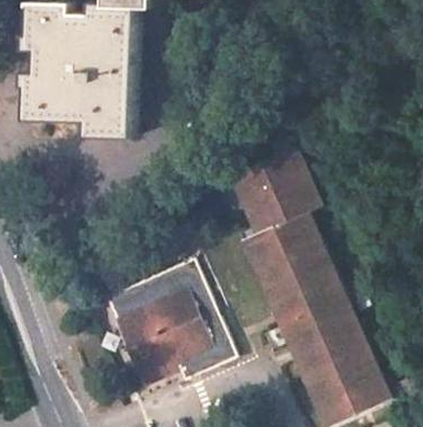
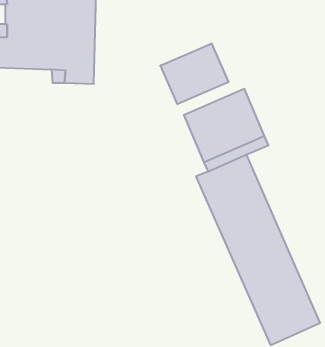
building: none -> [160,43,228,104]
building: [114,264,234,385] -> none

